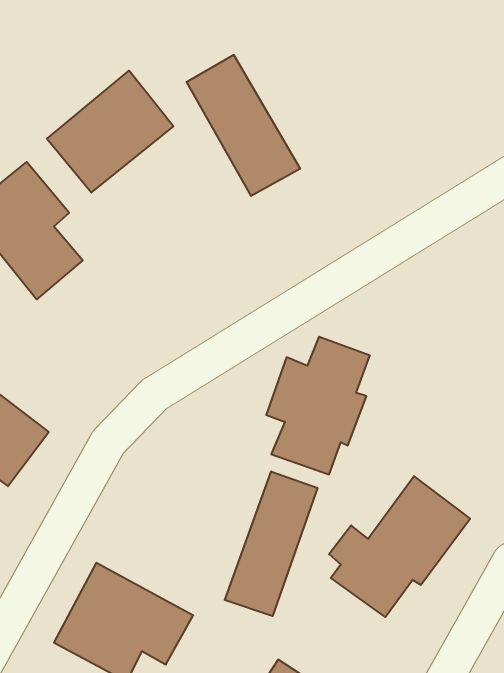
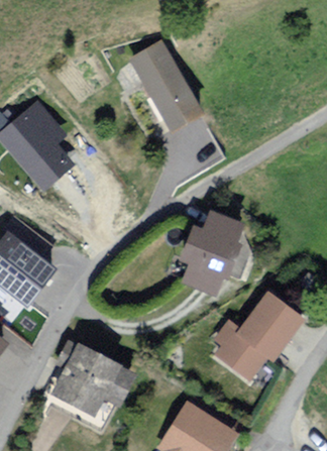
building: [47,71,173,193] -> none
building: [225,471,317,616] -> none

